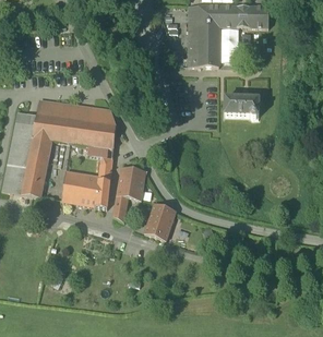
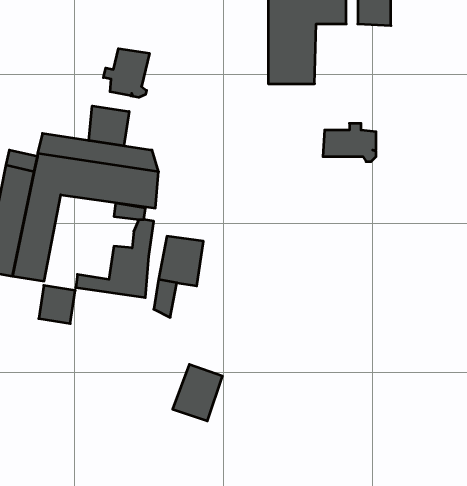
building: none -> [103,49,149,97]
building: none -> [89,106,129,146]
building: [63,170,87,195] -> [39,285,75,324]
building: [144,203,177,240] -> [173,364,222,421]

